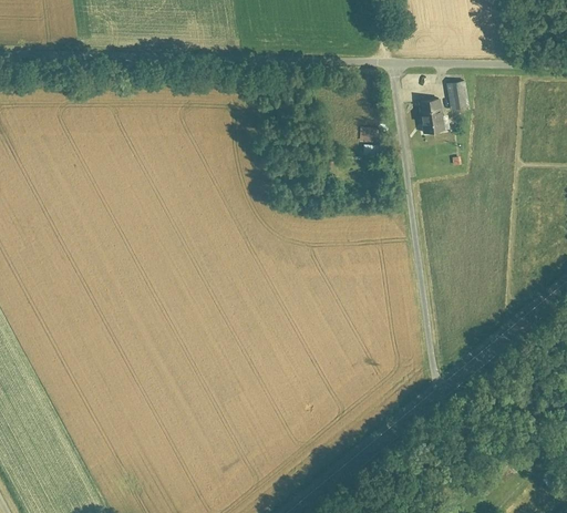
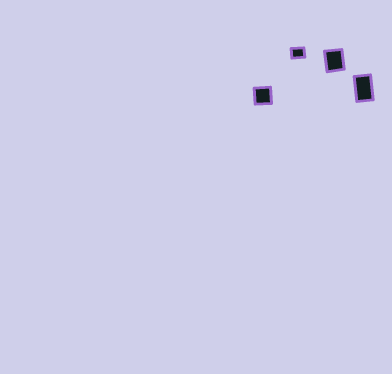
building: [420,99,444,133] -> [354,75,373,101]

